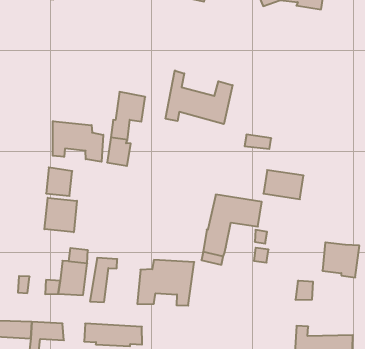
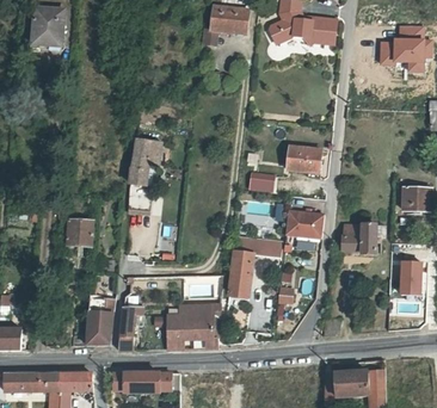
building: [166,70,233,124] -> none
building: none -> [285,146,320,172]
building: [53,121,103,162] -> none
building: [44,198,77,232] -> none
building: [322,242,359,277] -> [341,222,377,255]

